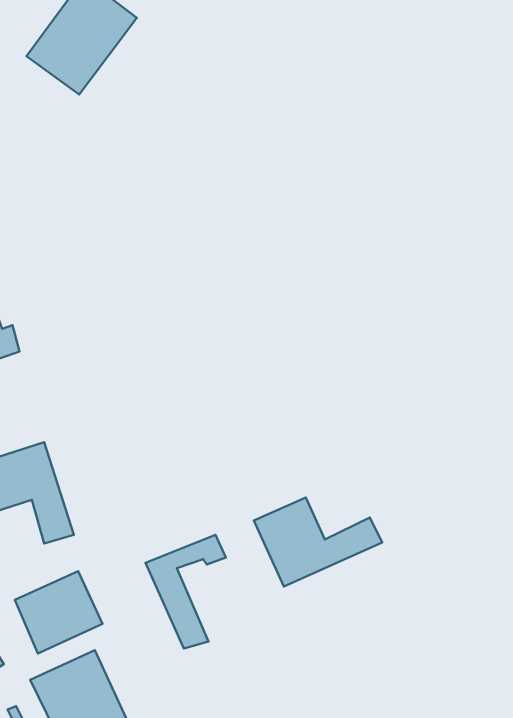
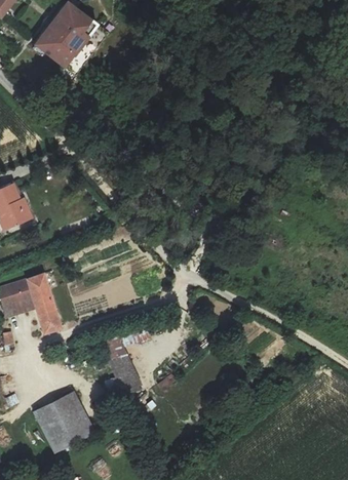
building: [254,497,382,587] -> none
building: [15,571,102,654] -> none

